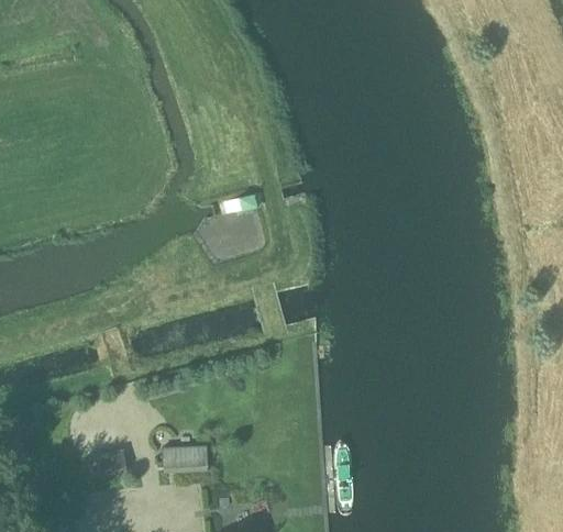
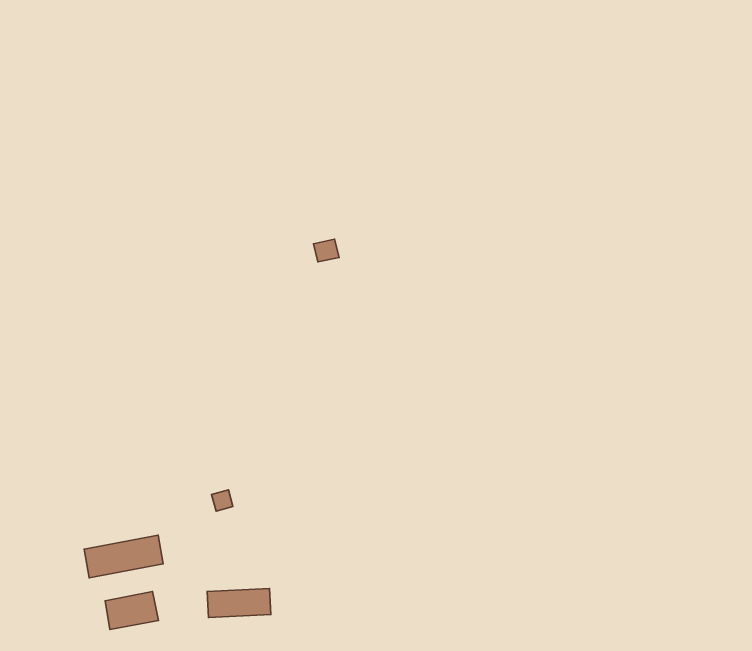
building: none -> [84,535,163,578]

